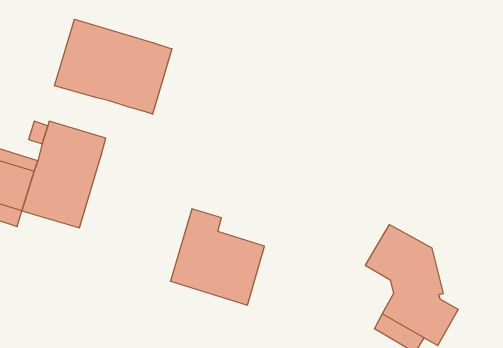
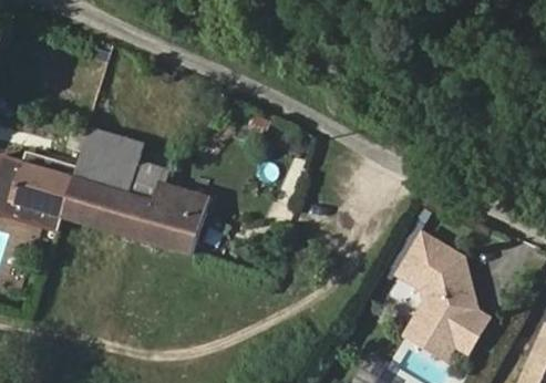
building: [55,19,172,114] -> none
building: [170,209,264,305] -> [117,163,209,257]

